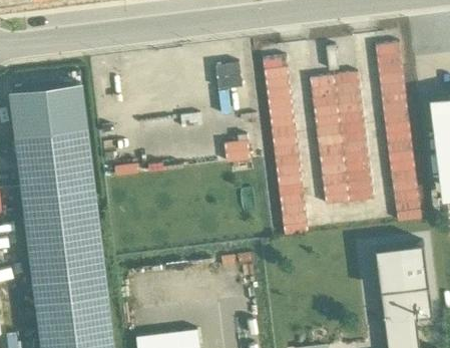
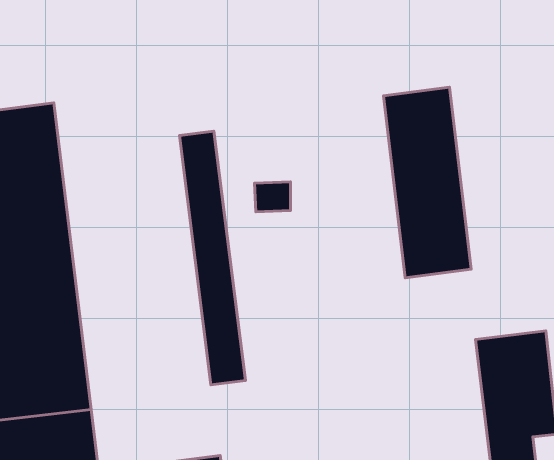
building: [376,43,420,221] -> none
building: [262,57,308,235] -> [179,131,245,385]
building: [214,61,240,85] -> none

